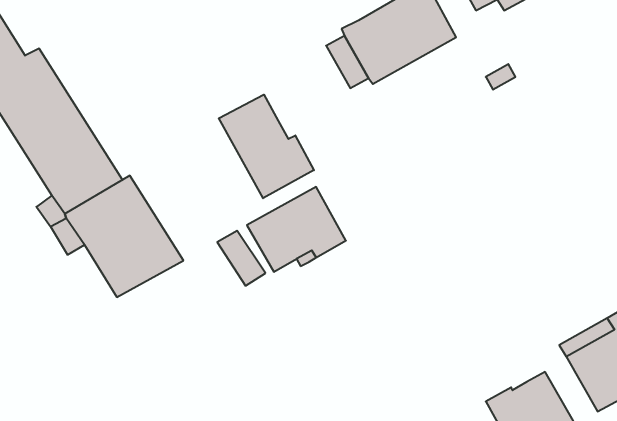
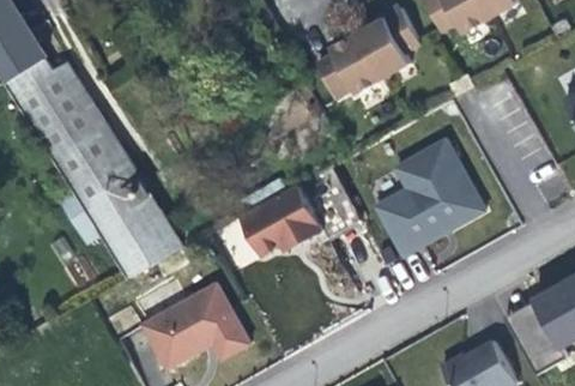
building: [219,95,314,198] -> none
building: none -> [377,139,486,254]
building: none -> [143,282,252,368]

